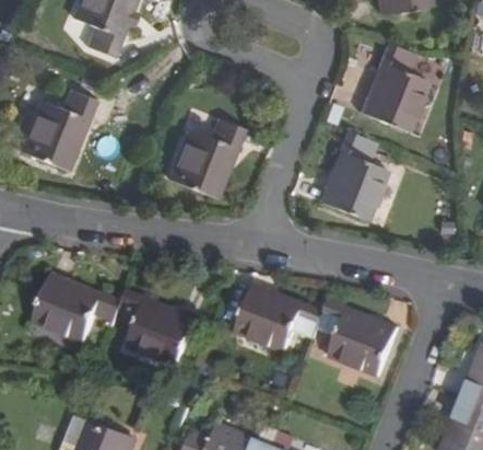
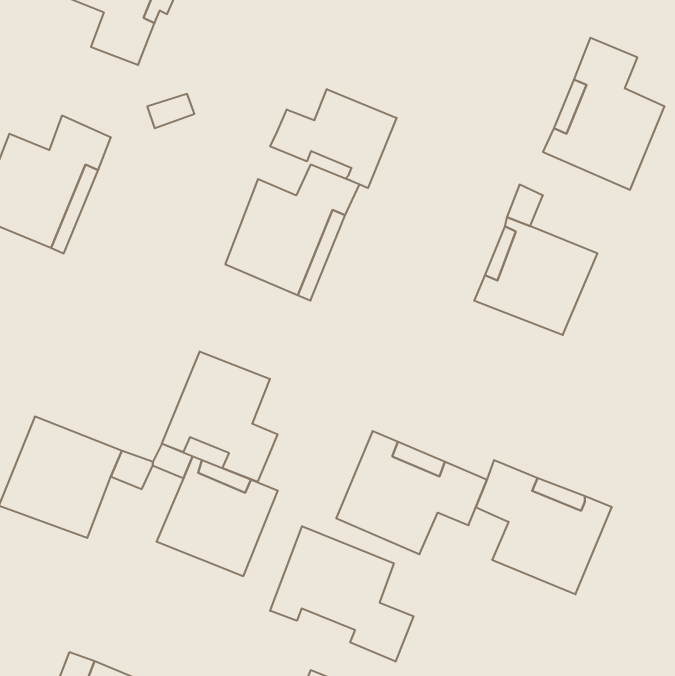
building: none -> [270,89,397,188]
building: none -> [162,351,278,482]
building: none -> [270,526,413,662]

